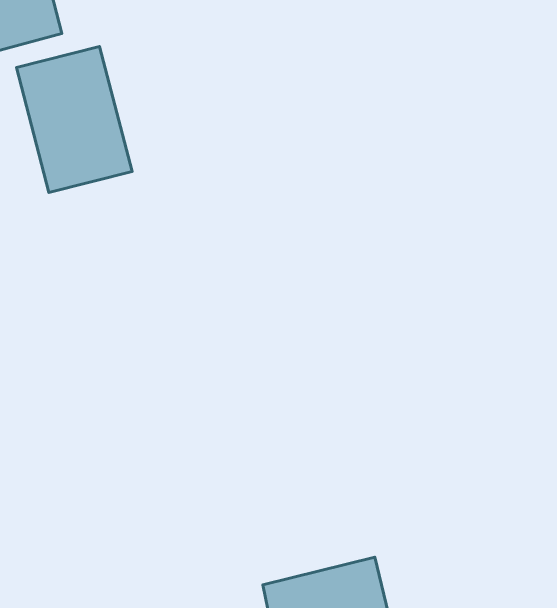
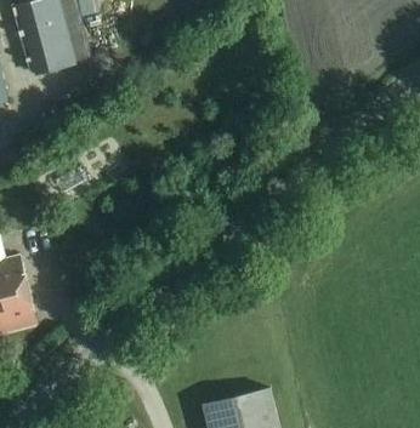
building: [16,46,132,193] -> none

